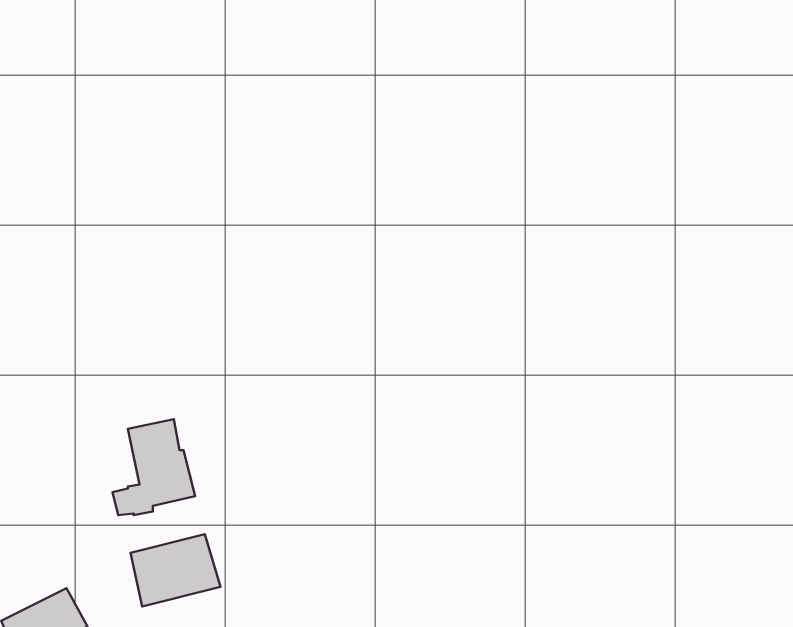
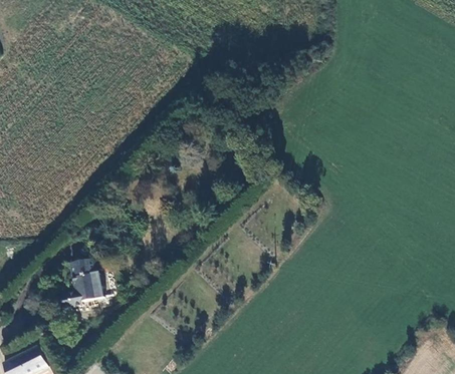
building: [131,534,221,606] -> none

